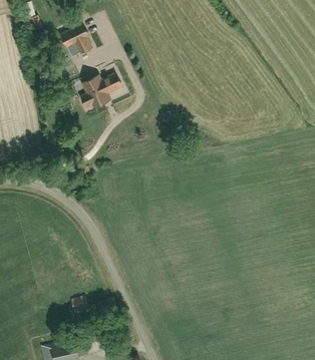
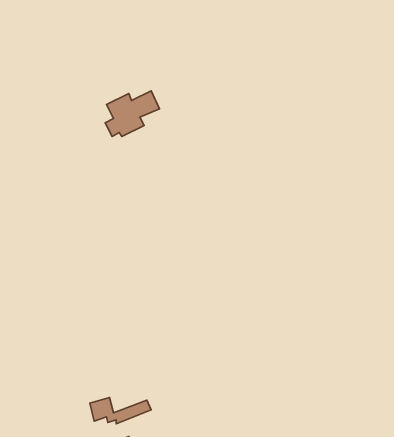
building: [62,25,91,53] -> none

